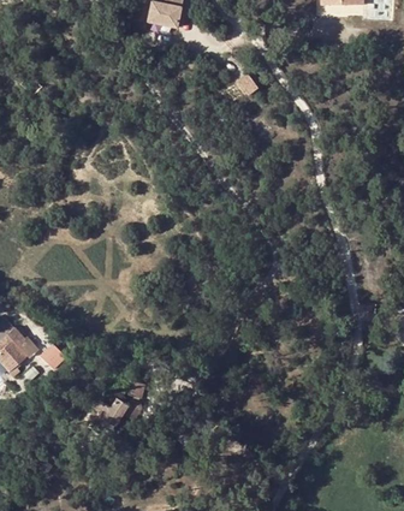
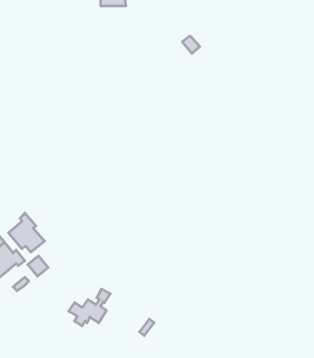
building: none -> [9,213,45,252]

